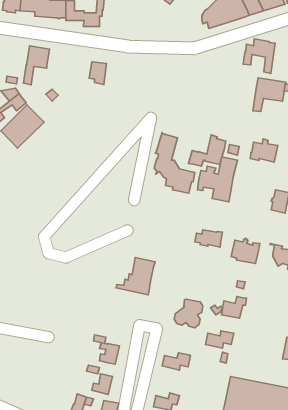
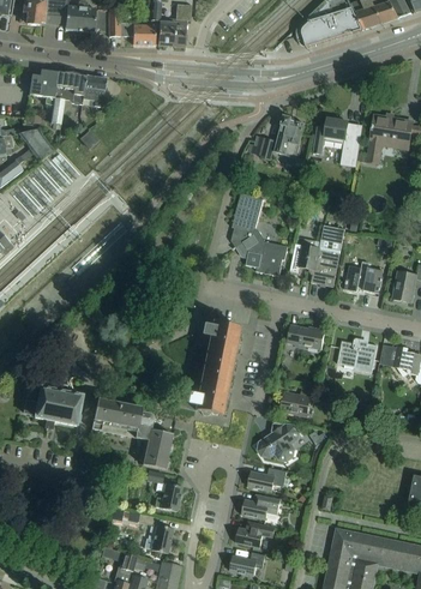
building: none -> [157,18,186,47]
building: [243,39,275,74] -> [312,118,356,166]
building: none -> [29,70,58,97]
building: [89,62,107,84] -> [82,76,106,107]
building: [189,135,226,166] -> [252,115,303,158]
building: [250,139,278,162] -> [344,260,383,293]
building: none -> [203,321,239,369]
building: none -> [23,377,83,426]
building: none -> [91,398,172,469]
building: [221,297,246,318] -> [281,385,315,415]
building: [205,331,234,348] -> [247,467,287,491]
building: none -> [235,522,275,547]

